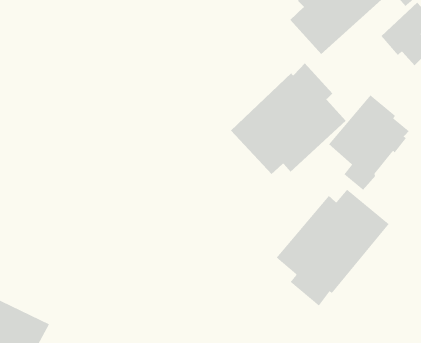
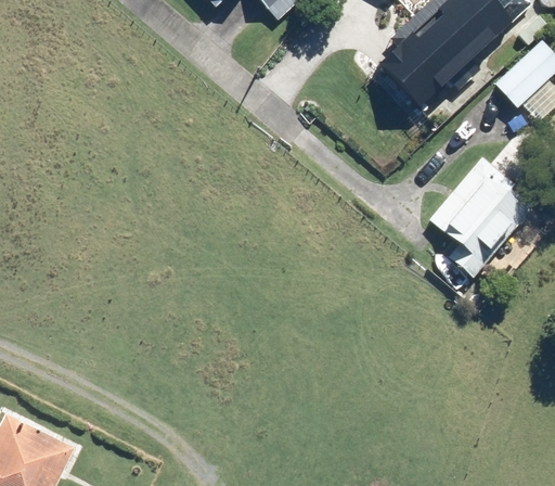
building: [230,62,346,175] -> none
building: [276,189,389,307] -> none

